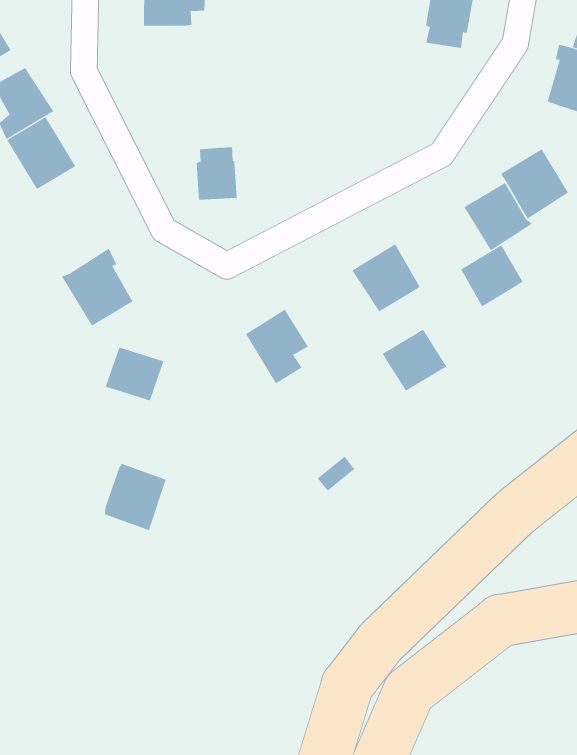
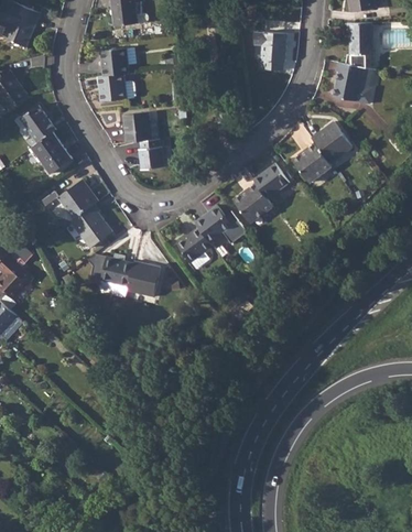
building: none -> [98,74,127,101]
building: none -> [123,112,152,143]
building: none -> [44,182,96,219]
building: [460,244,523,307] -> [253,163,290,199]
building: [382,329,447,392] -> [195,206,232,242]
building: [104,463,166,531] -> [128,261,161,297]

